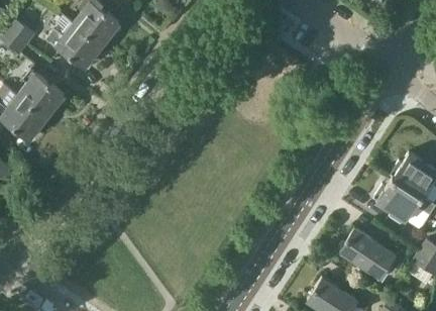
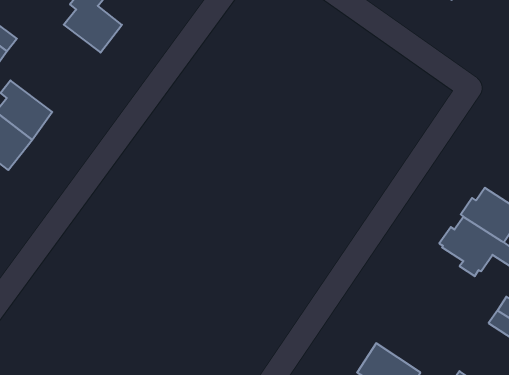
building: [45,15,102,69] -> none
building: [339,227,403,282] -> none

